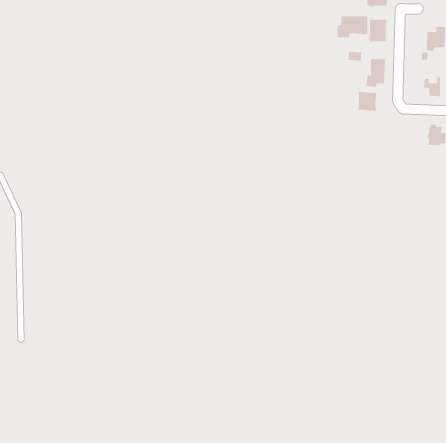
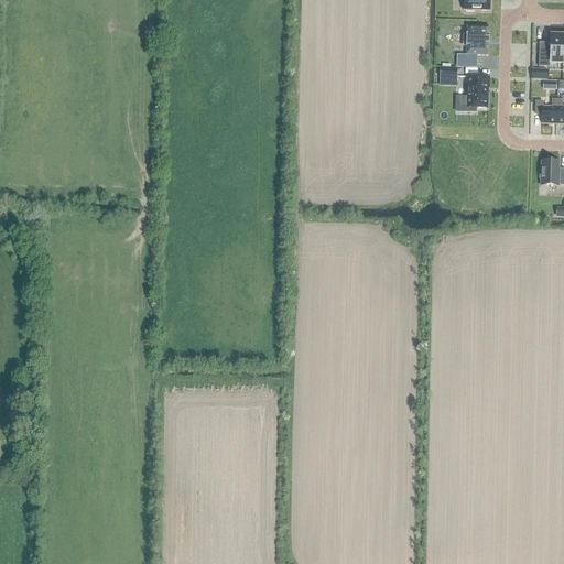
building: [337,15,368,38] -> none
building: [358,91,377,112] -> none

